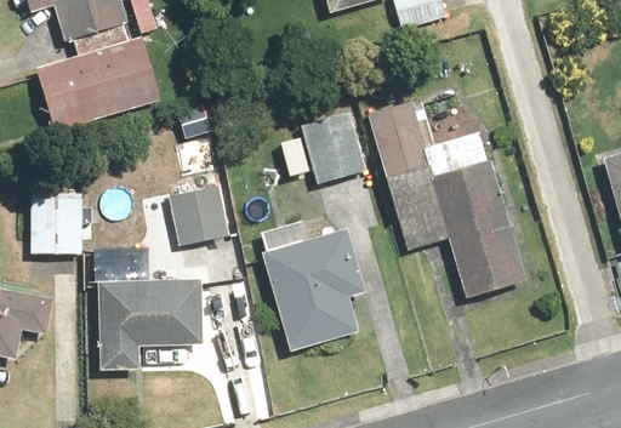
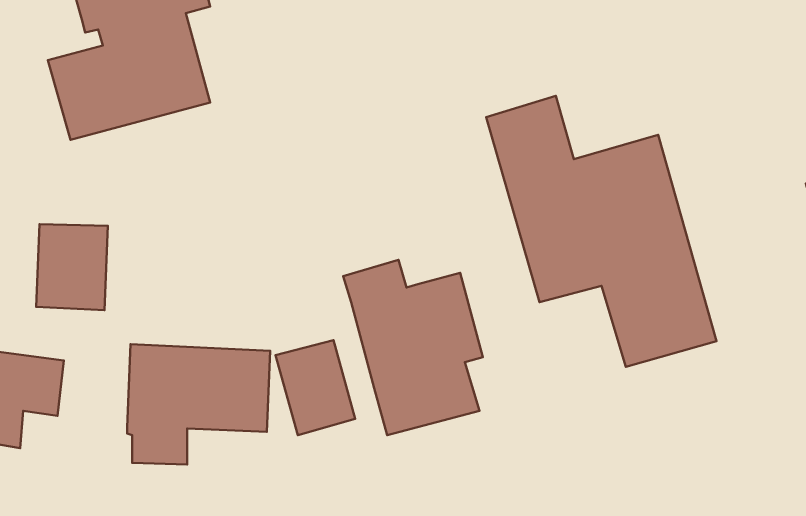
building: [297,109,364,183] -> none
building: [166,187,226,245] -> none
building: none -> [276,340,355,435]

